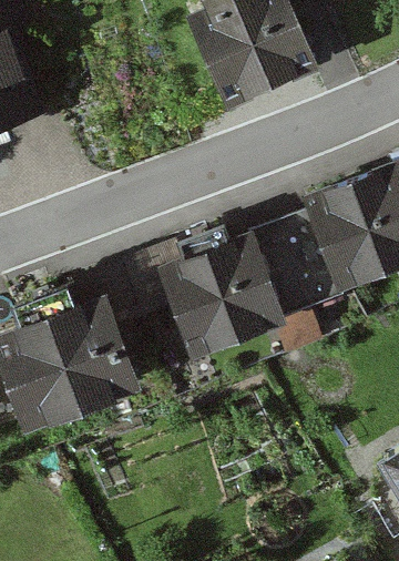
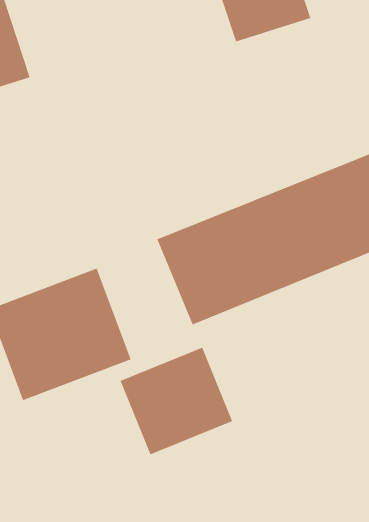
building: none -> [120,347,233,455]

